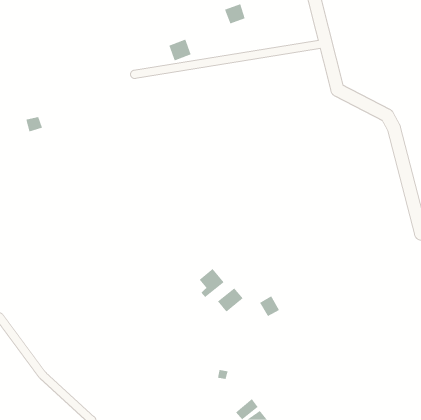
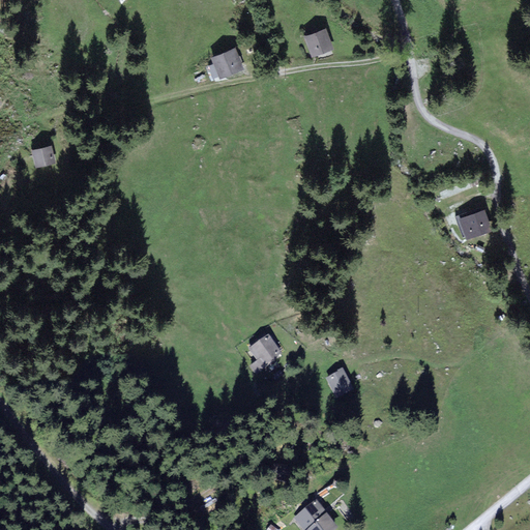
building: [224,4,246,24] -> [303,29,330,55]
building: none -> [459,209,491,237]
building: [217,287,244,312] -> none

